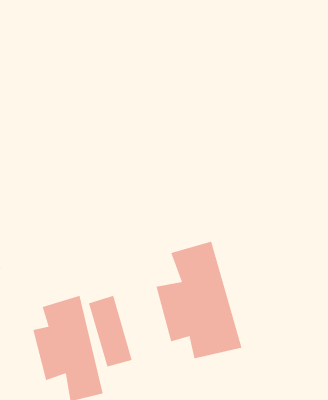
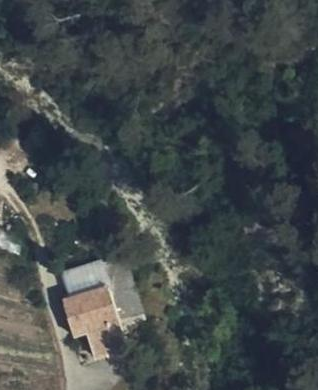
building: [156,241,242,359] -> none

